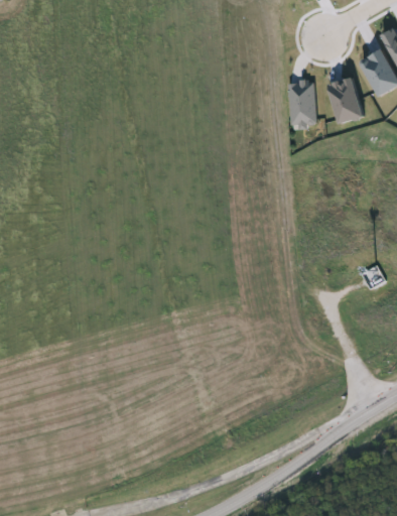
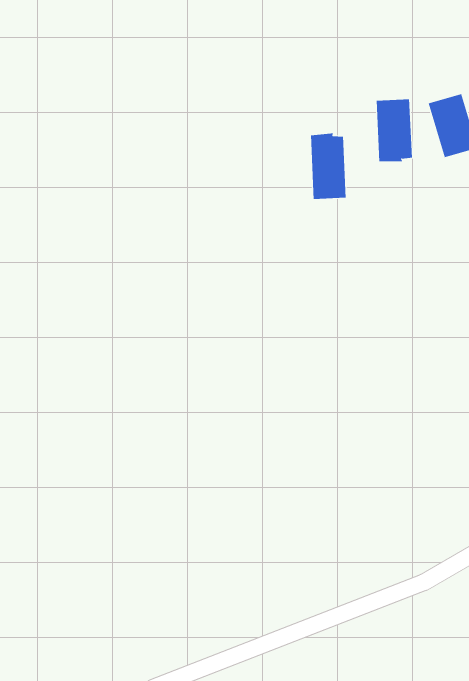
building: none -> [310,133,346,200]

